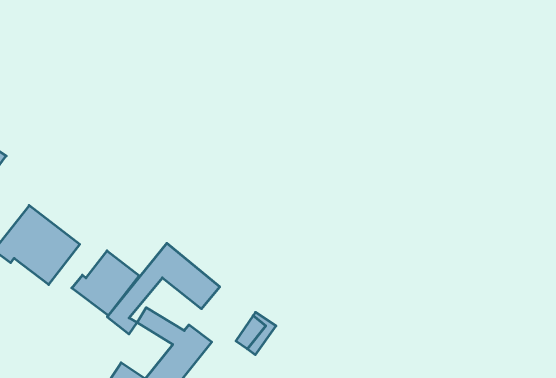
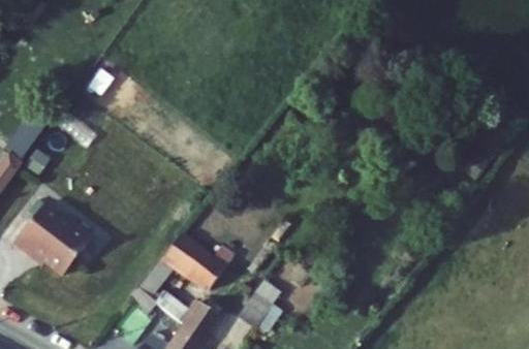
building: [72,251,139,316] -> none

